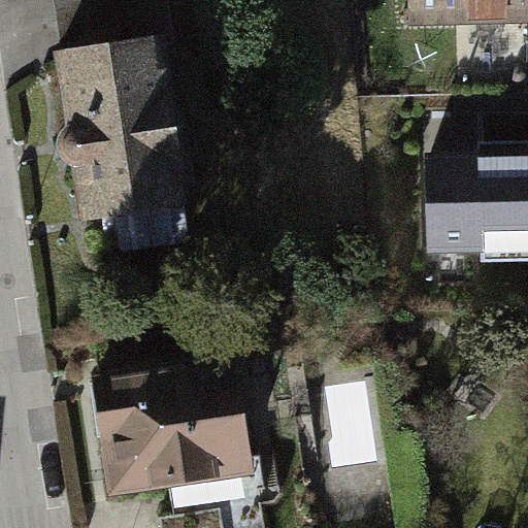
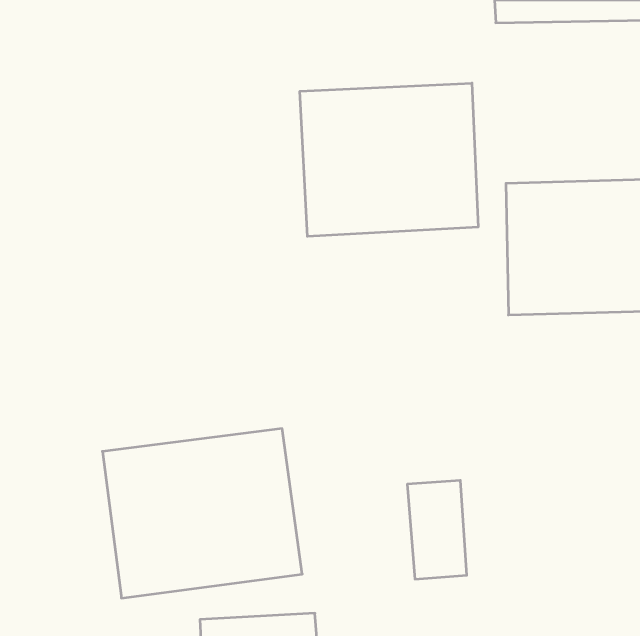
building: [65,32,187,217] -> none
building: none -> [300,83,478,236]

